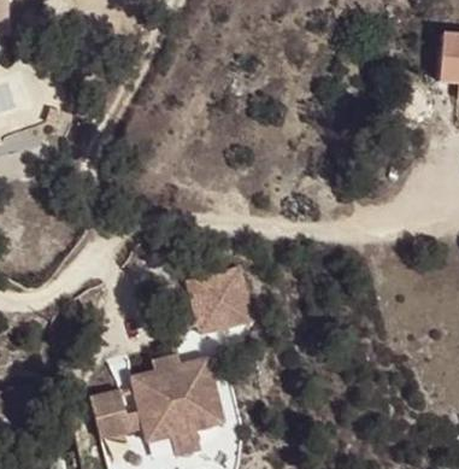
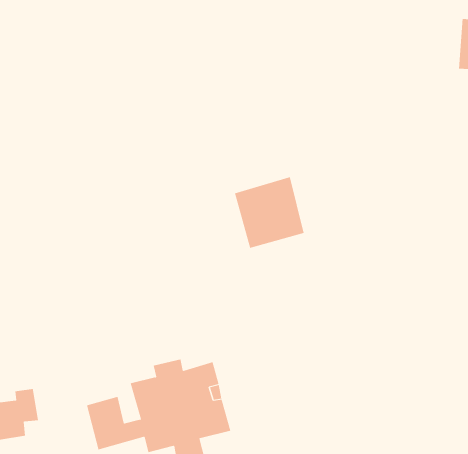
building: [187,265,253,333] -> [234,177,305,249]

